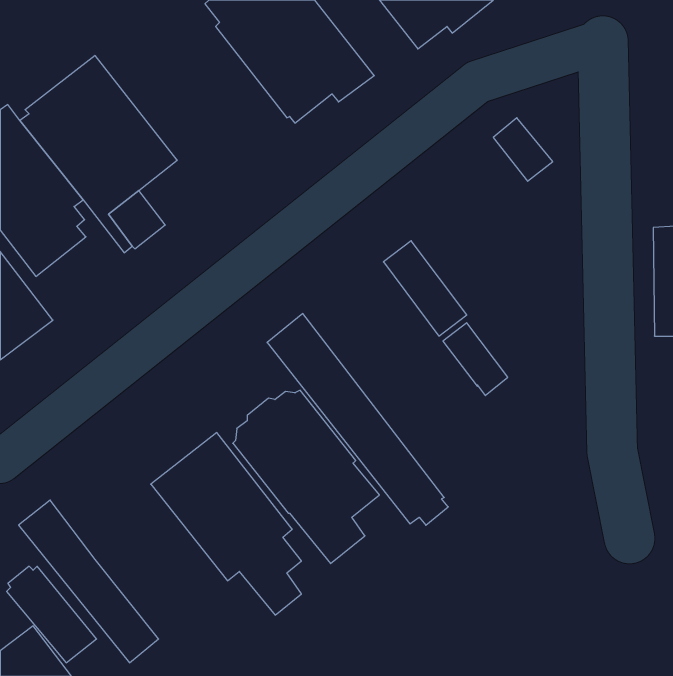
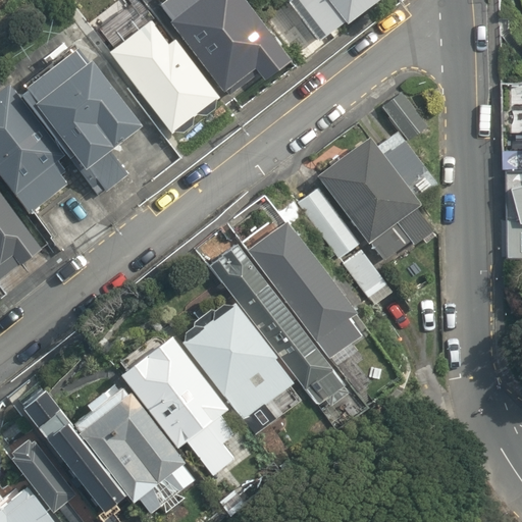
building: none -> [107,18,219,133]
building: none -> [317,129,436,259]
building: none -> [246,219,360,358]
building: none -> [73,385,196,512]

